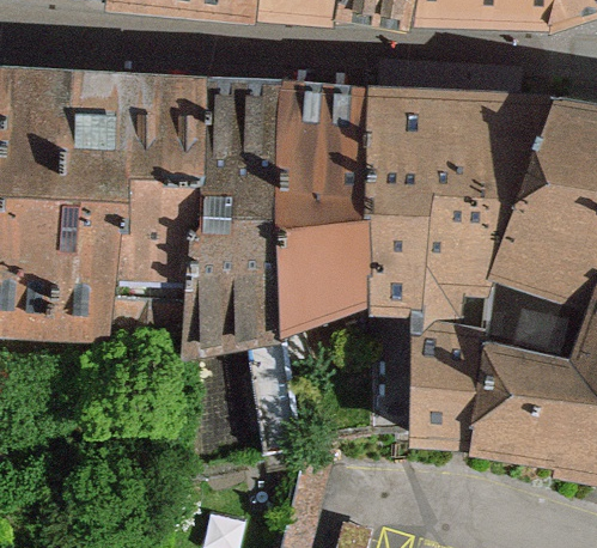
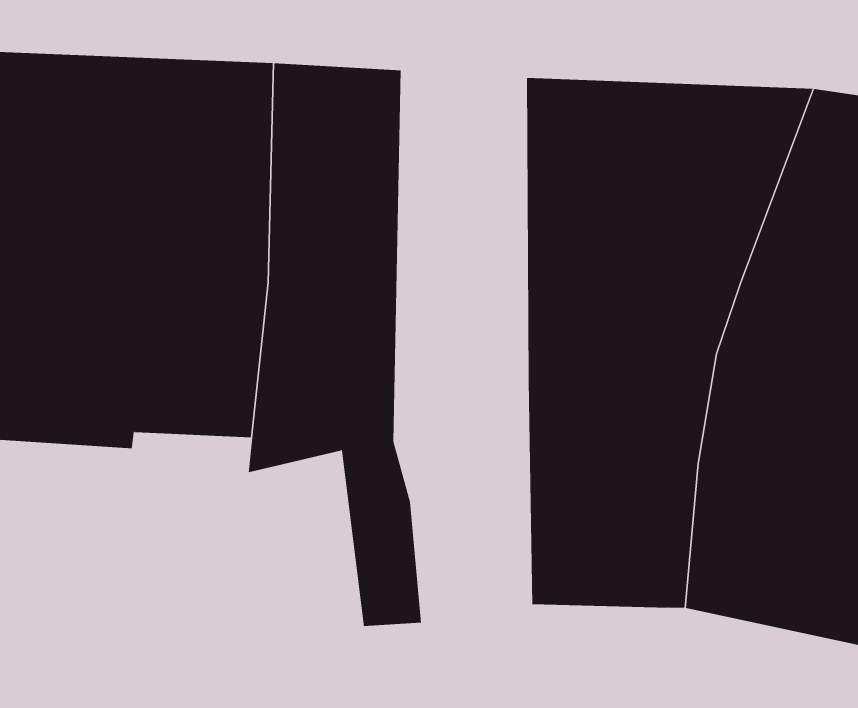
building: [281,85,368,367] -> none

